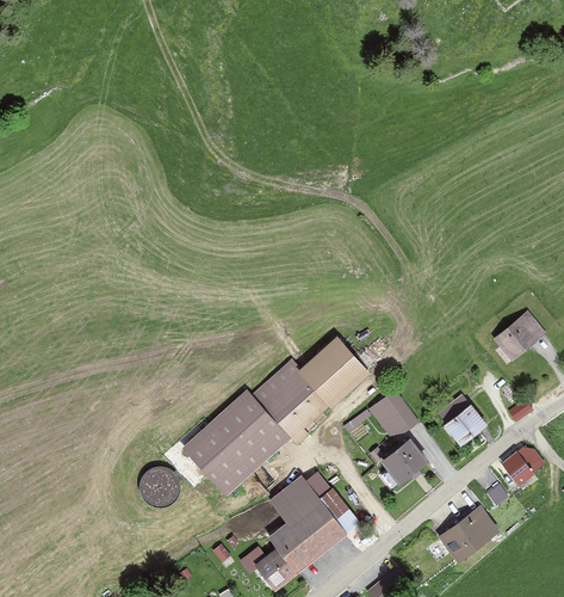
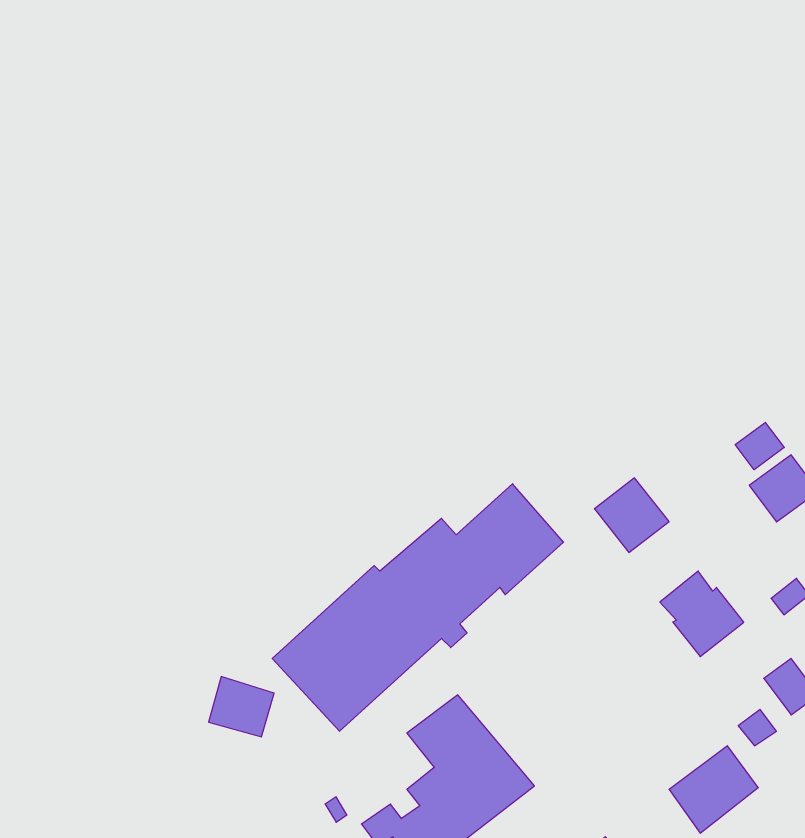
building: none -> [735,422,784,470]
building: [367,389,416,438] -> [594,478,669,553]
building: [385,439,429,484] -> none

